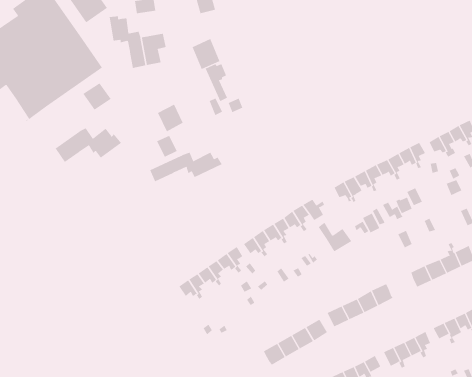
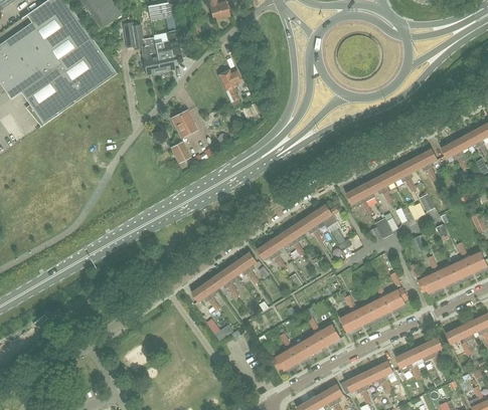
building: [192,38,220,70] -> none
building: [82,82,111,110] -> none
building: [55,128,122,163] -> none
building: [150,152,222,182] -> none

